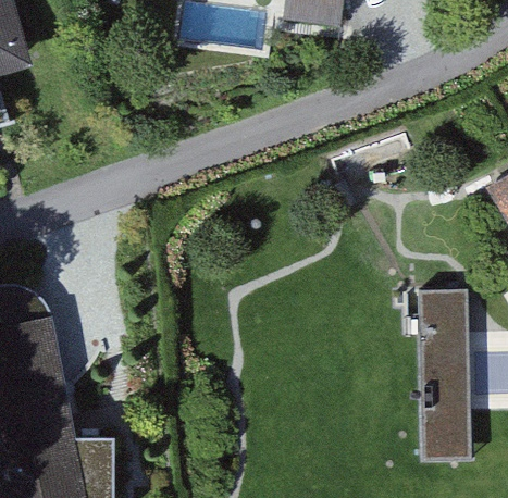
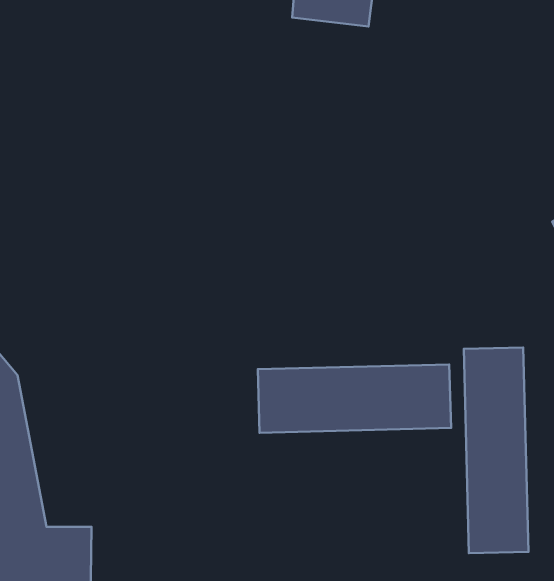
building: none -> [258,364,451,433]

